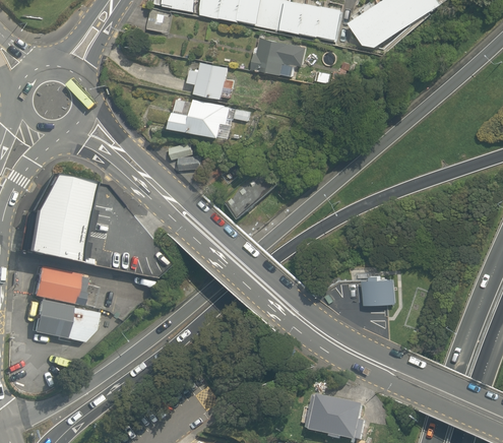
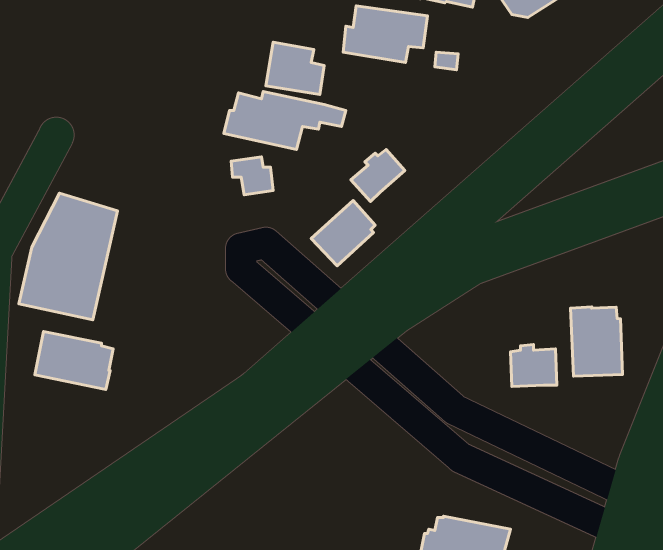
building: none -> [351,149,405,202]
building: none -> [570,307,623,376]
building: [32,300,98,343] -> none

